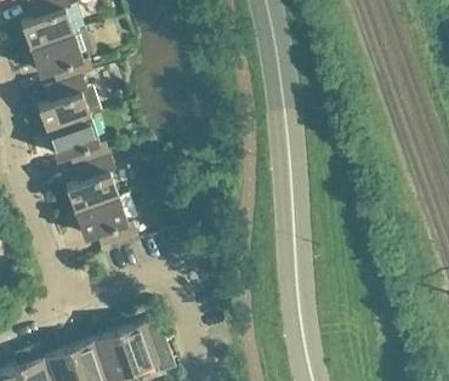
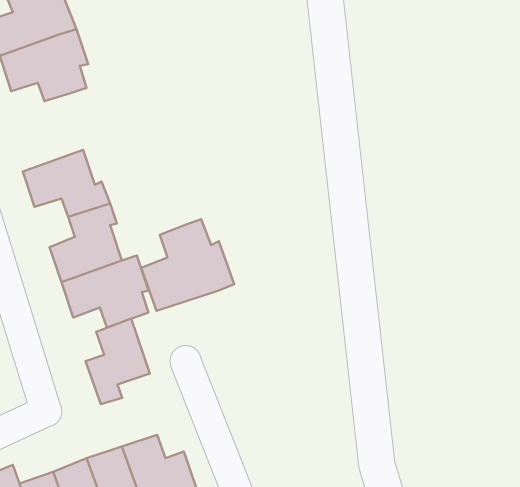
building: [35,74,100,131] -> none
building: none -> [141,219,234,311]
building: none -> [86,319,150,404]

